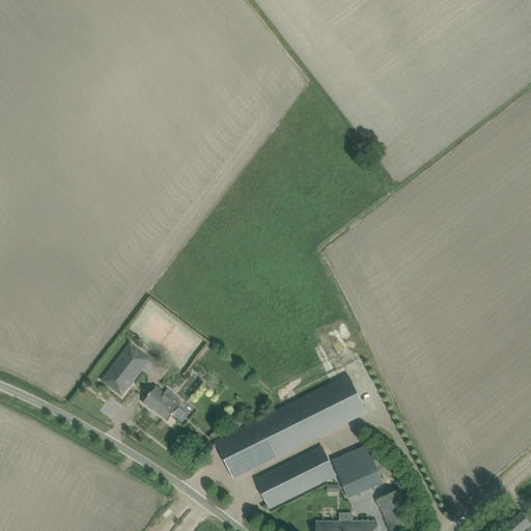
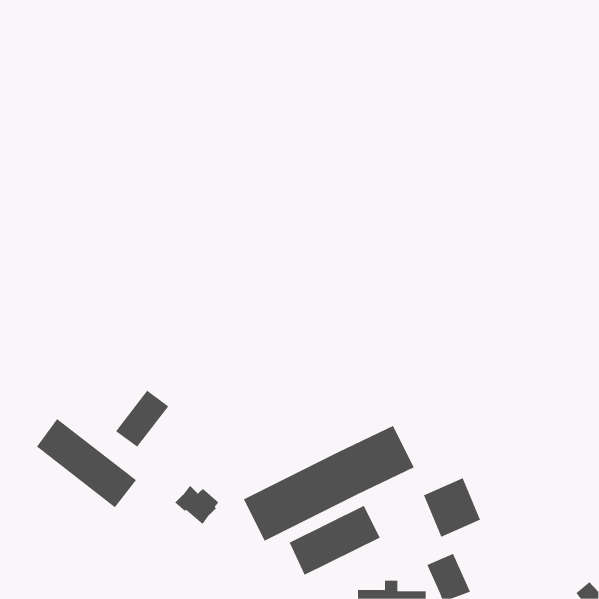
building: none -> [36,418,137,508]
building: [142,386,181,421] -> [174,485,219,525]
building: [332,445,383,498] -> [423,478,481,538]

